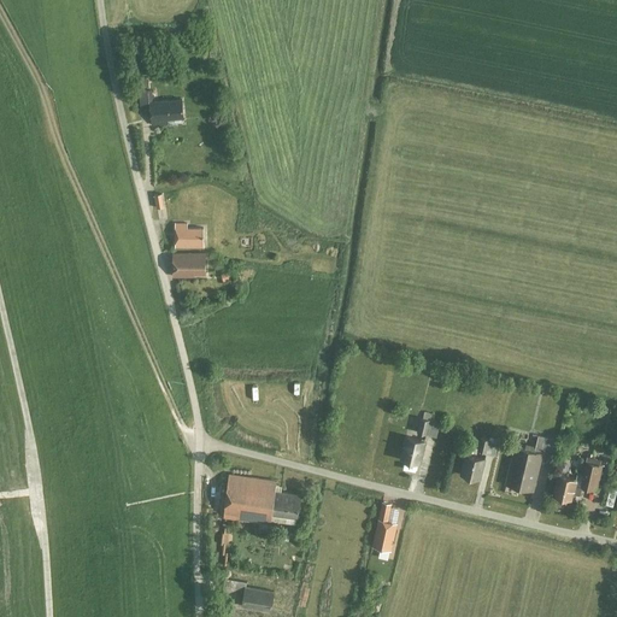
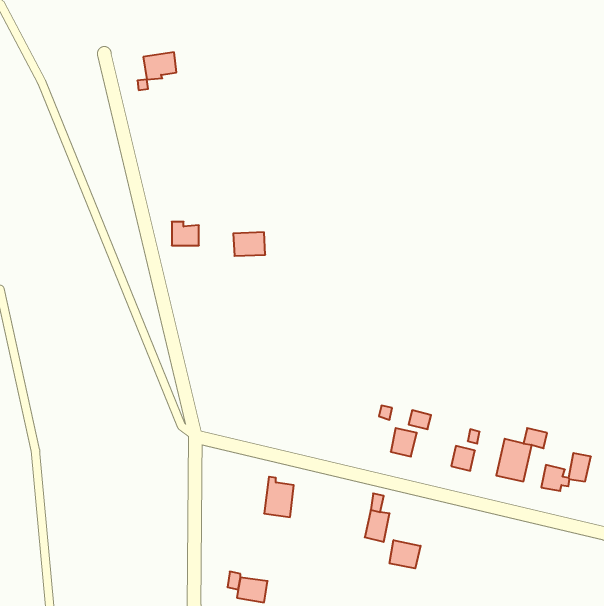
building: [152,101,186,129] -> [143,52,176,79]
building: [172,253,205,277] -> [233,232,265,256]
building: [222,475,275,528] -> none
building: none -> [390,540,421,568]

